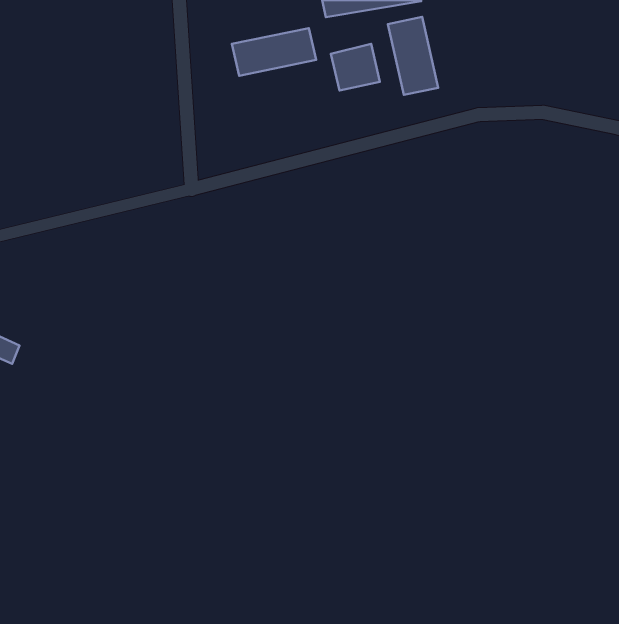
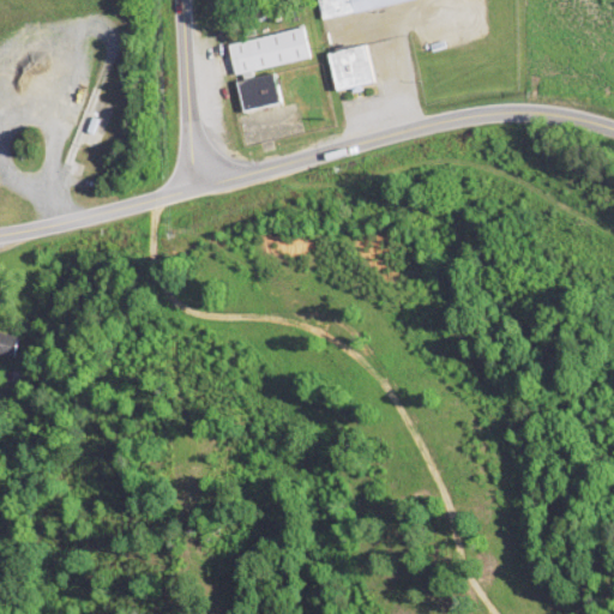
building: [388,17,438,95] -> none
building: none -> [237,73,281,110]

